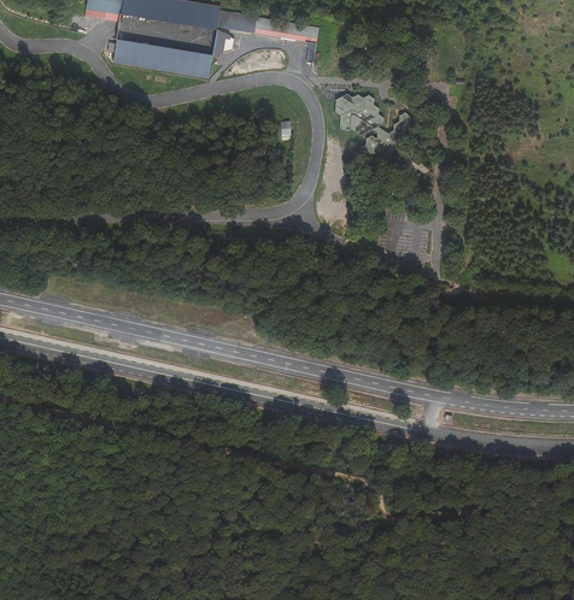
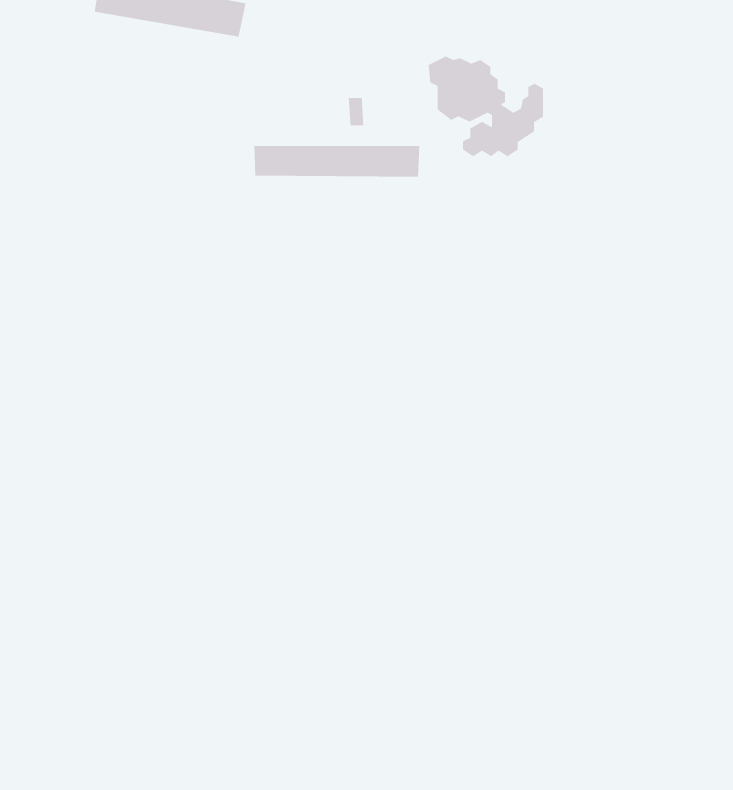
building: none -> [254,145,420,177]

